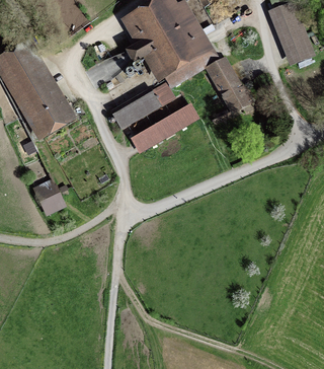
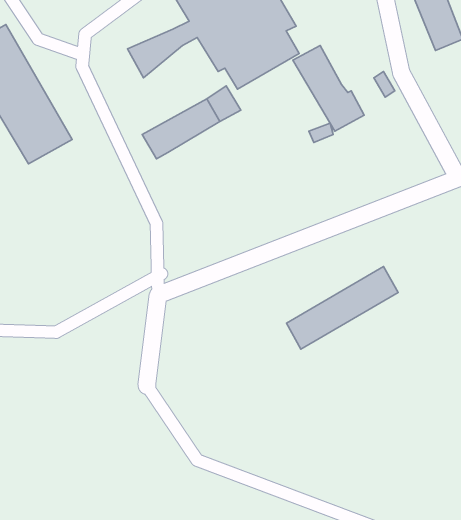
building: [130,100,199,152] -> [286,267,398,349]
building: [34,178,61,207] -> none

